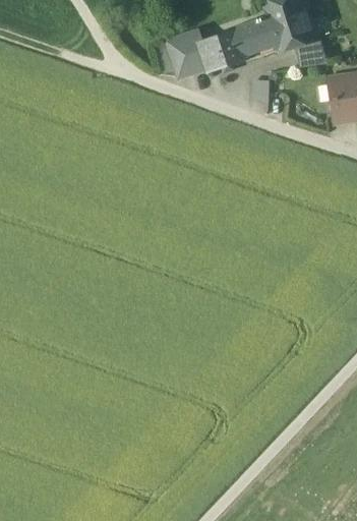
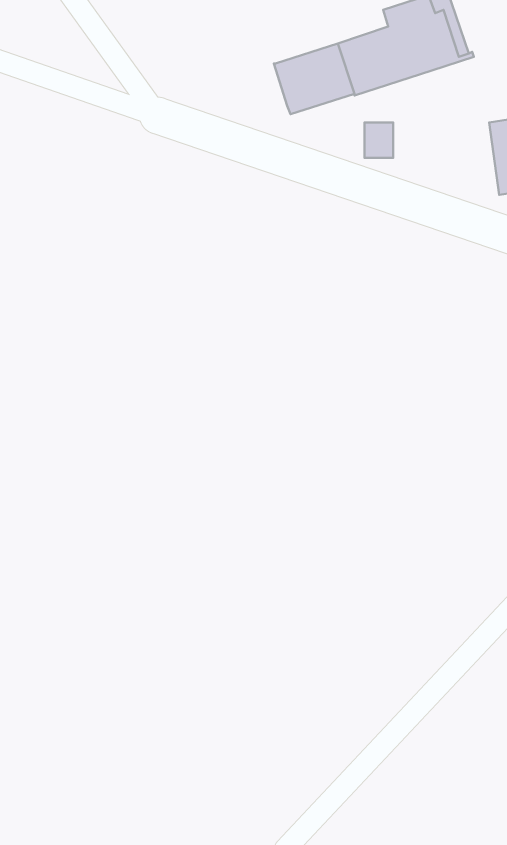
building: [169,33,206,76] -> none
building: [294,38,328,67] -> none

